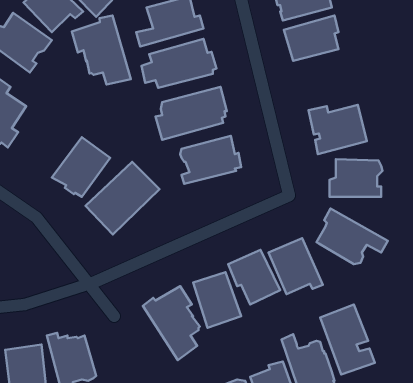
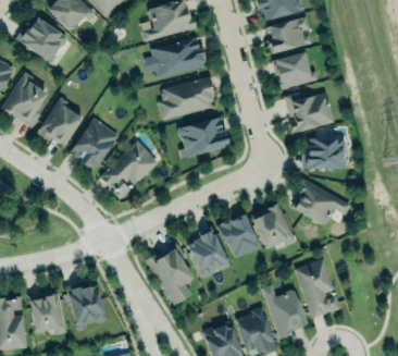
building: [72,16,131,84] -> none
building: none -> [272,51,318,89]
building: none -> [37,96,83,146]

